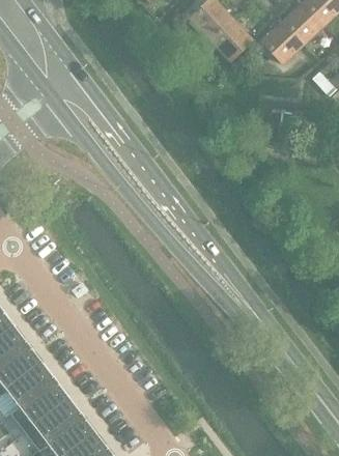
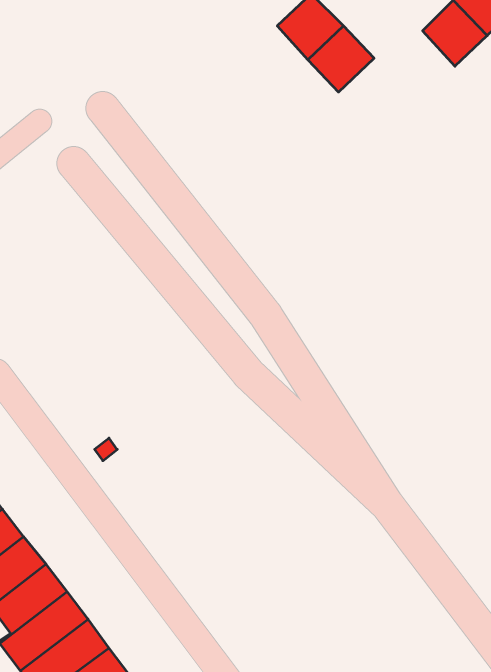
building: [261,21,304,63] -> none

